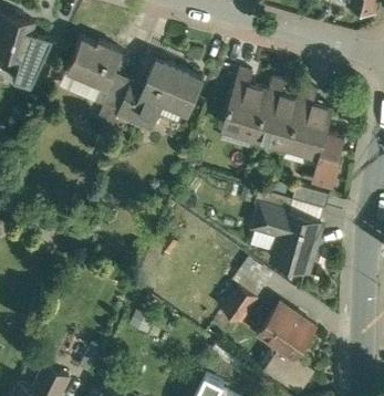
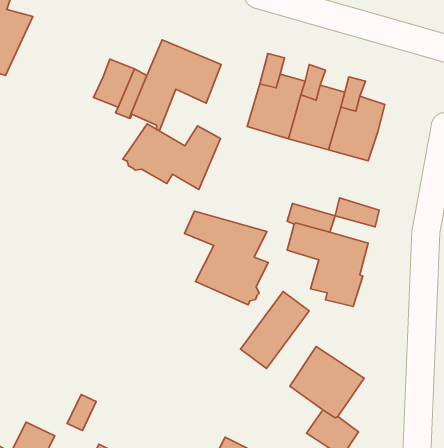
building: [62,40,122,90] -> none
building: none -> [123,124,220,190]
building: [313,134,345,188] -> none
building: none -> [185,211,268,305]

